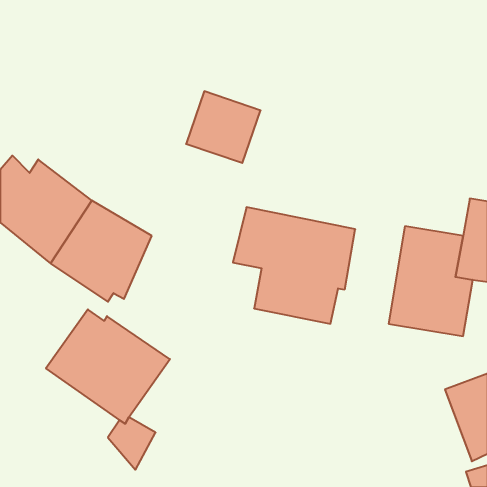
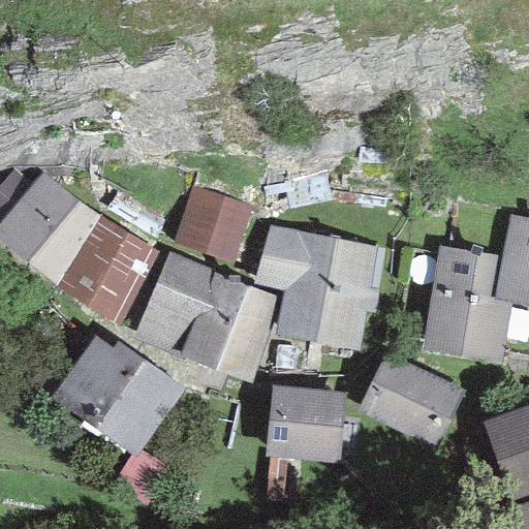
building: [186,91,261,163] -> [173,186,253,263]
building: none -> [132,251,277,383]
building: none -> [359,352,466,444]
building: none -> [266,385,345,463]

